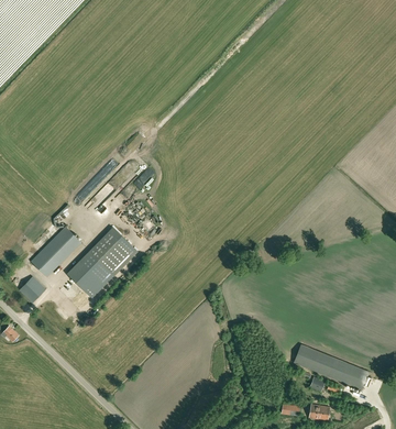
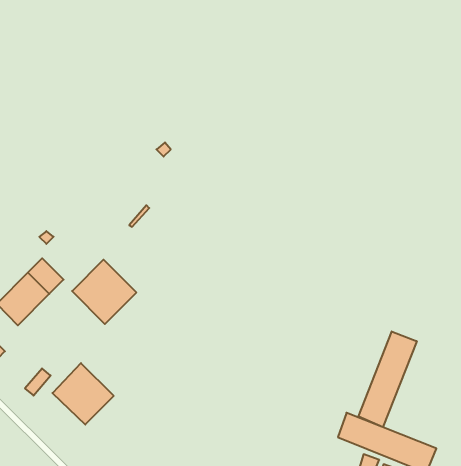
building: [67,251,114,298] -> [52,363,114,425]
building: none -> [359,331,417,427]

